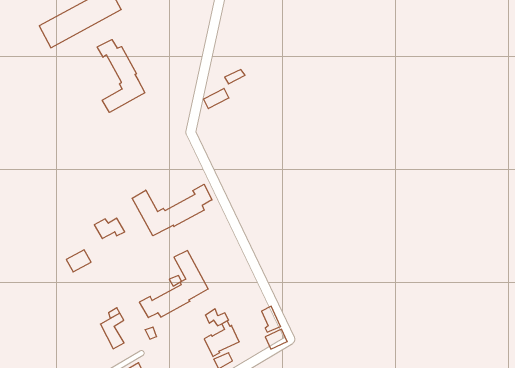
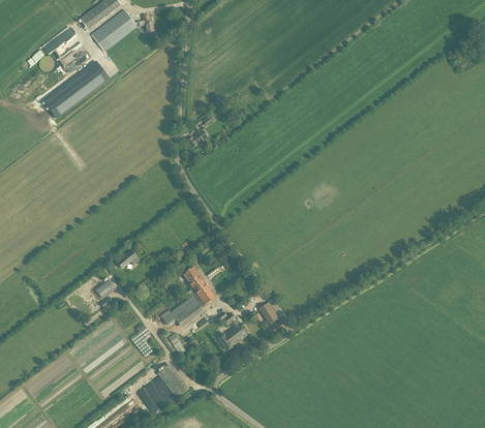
building: [97,40,145,112] -> none
building: [132,184,212,236] -> none

